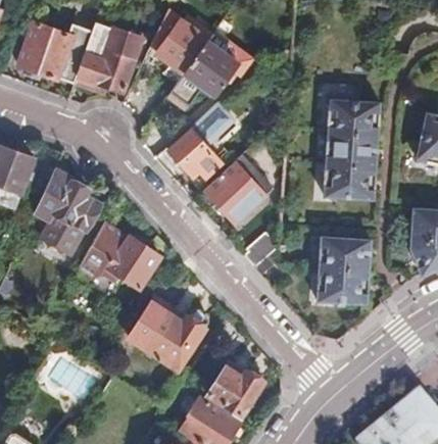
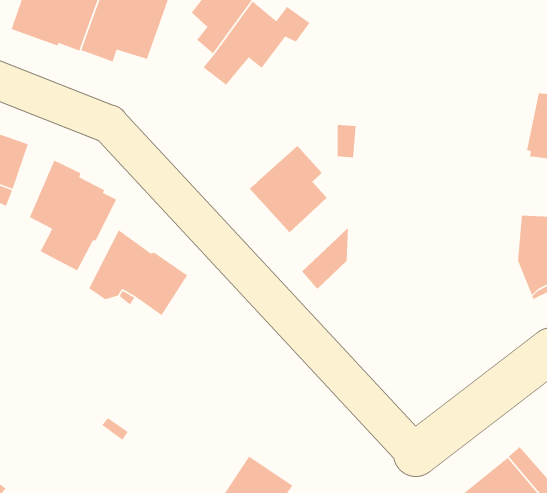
building: [328,101,380,199] -> none
building: [169,119,222,198] -> none
building: [322,247,372,304] -> none
building: [139,299,201,373] -> none
building: [206,358,262,412] -> none

